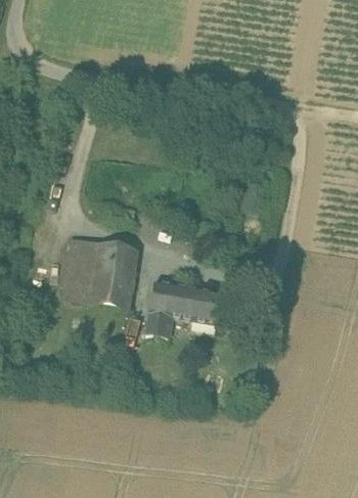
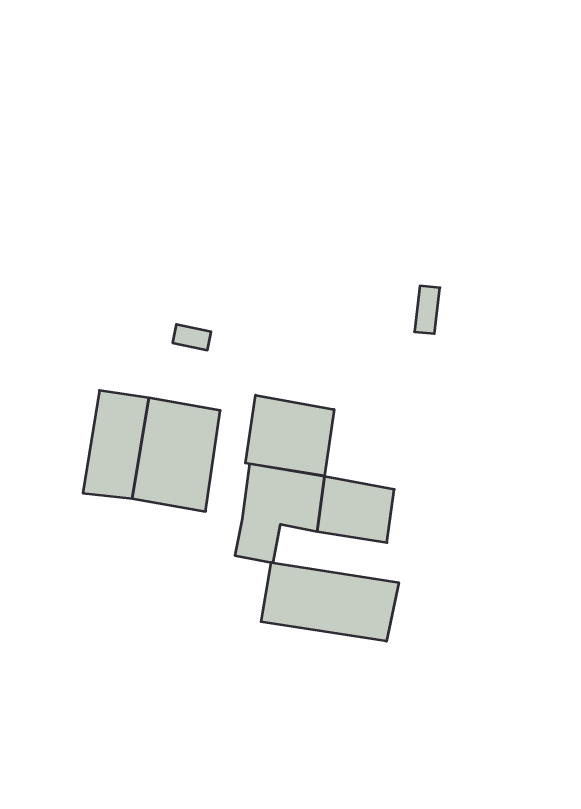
building: none -> [245,395,334,476]
building: none -> [261,562,399,641]

